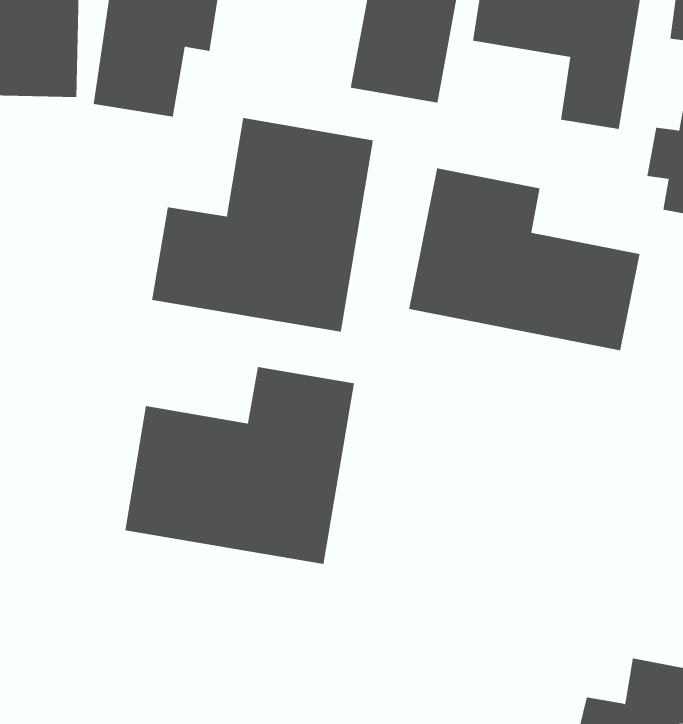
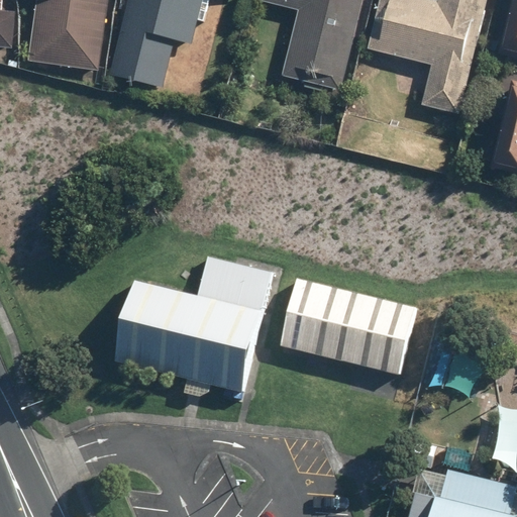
building: [151,117,374,333] -> none
building: [409,167,640,351] -> none
building: none -> [275,277,415,378]

